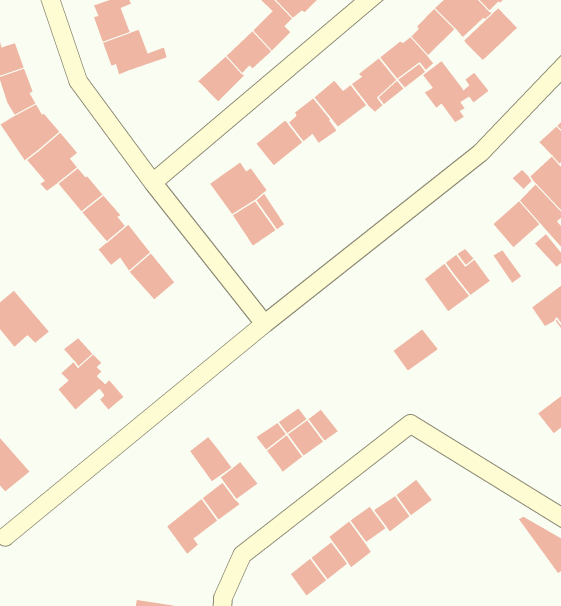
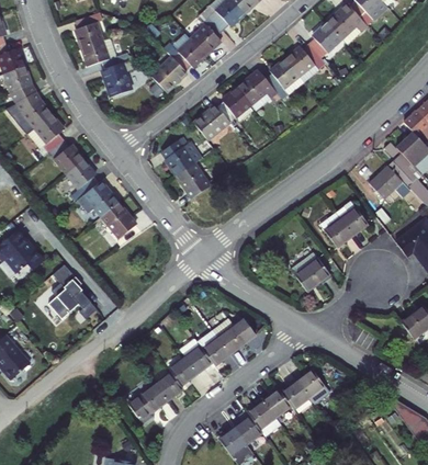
building: [463,7,518,61] -> none
building: none -> [101,58,140,98]
building: [422,60,489,123] -> none
building: [189,436,232,482] -> [180,339,212,373]

